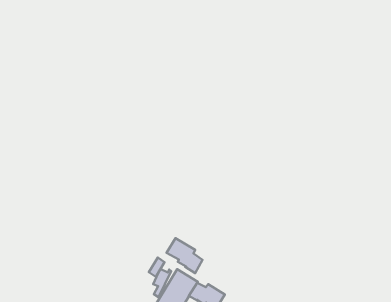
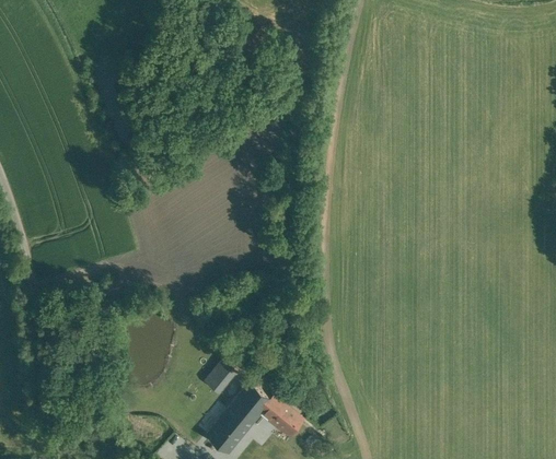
building: [167,238,203,273] -> none

